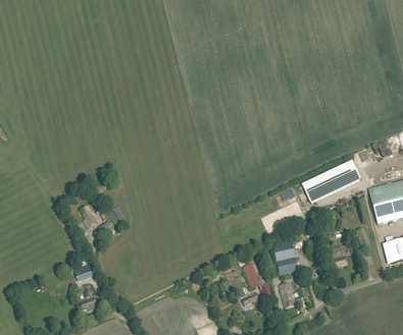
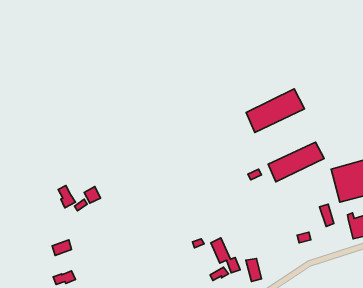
building: none -> [246,89,304,133]
building: [273,240,299,273] -> none

